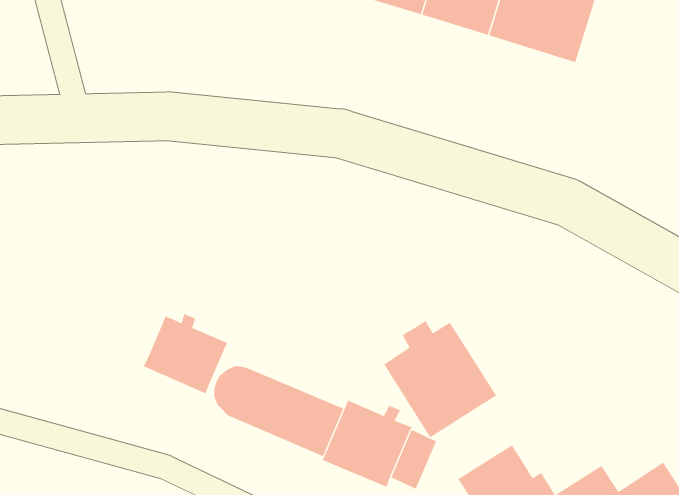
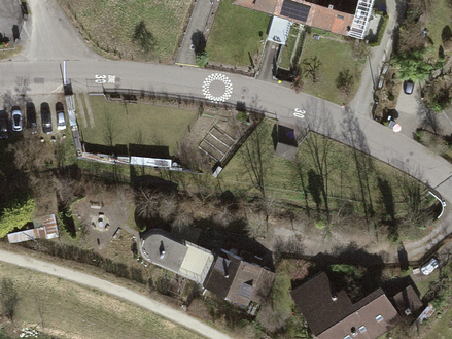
building: [143,313,228,394] -> none
building: [383,320,497,438] -> none

